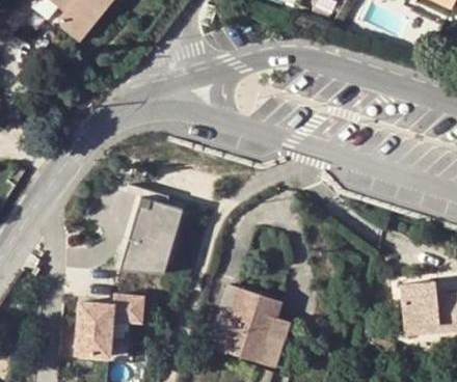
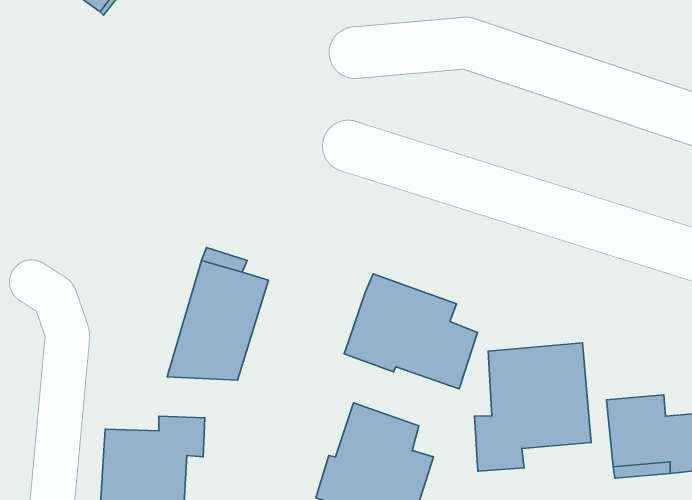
building: none -> [344,274,478,389]
building: none -> [474,343,591,471]

